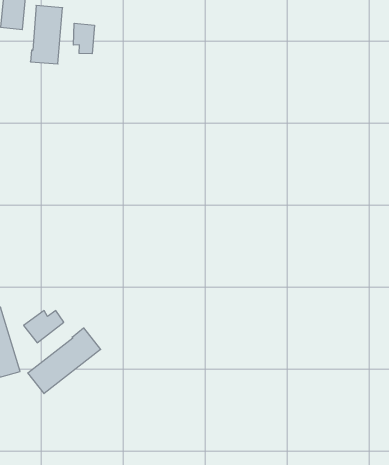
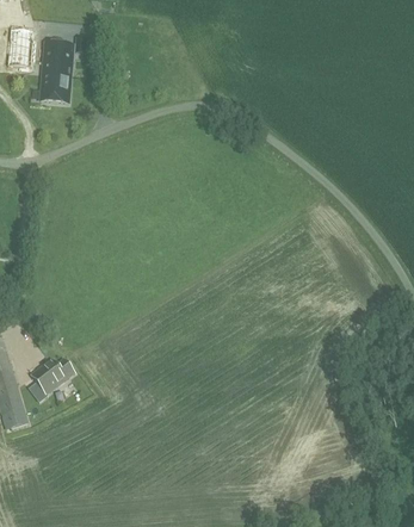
building: [73,23,94,54] -> none
building: [28,328,101,394] -> none

